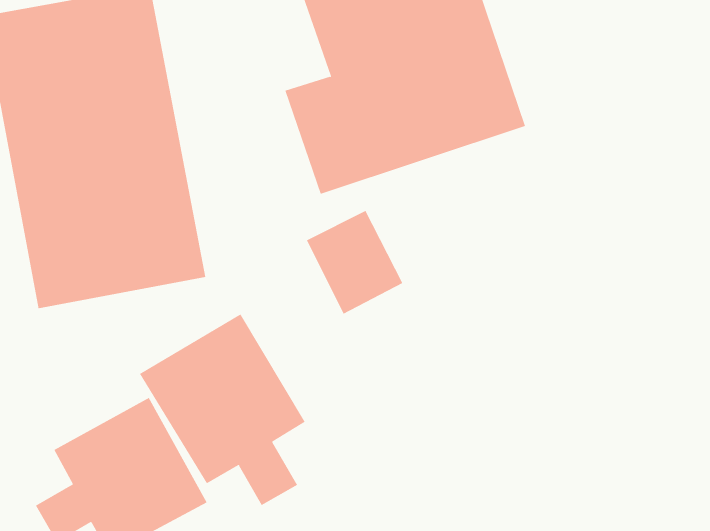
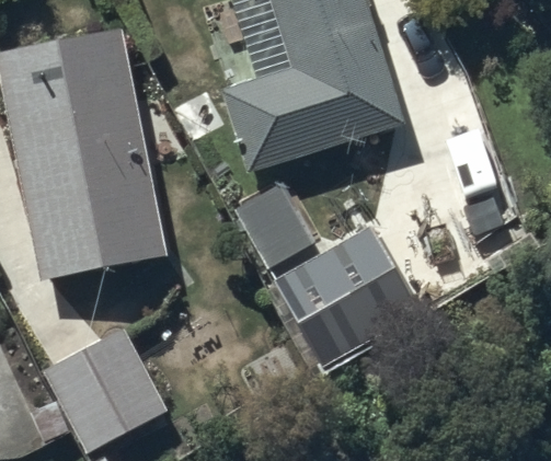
building: none -> [274,238,402,368]
building: [139,313,305,506] -> none

